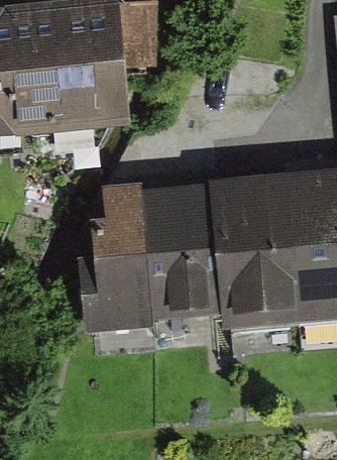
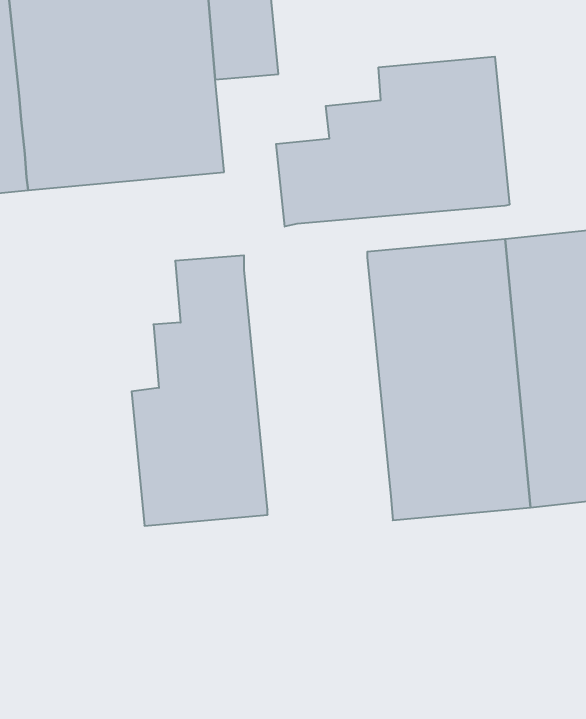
building: none -> [276,57,509,227]
building: [142,179,224,319] -> none

